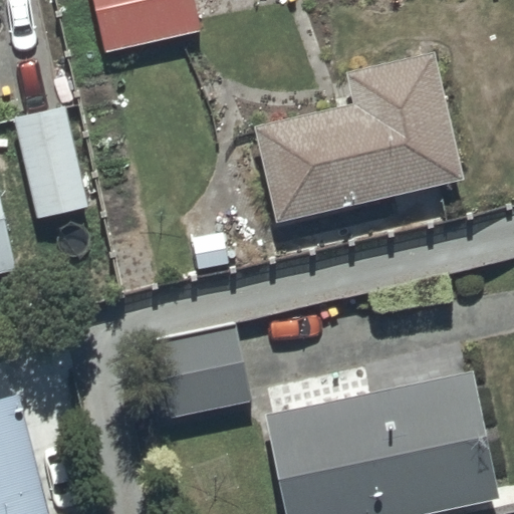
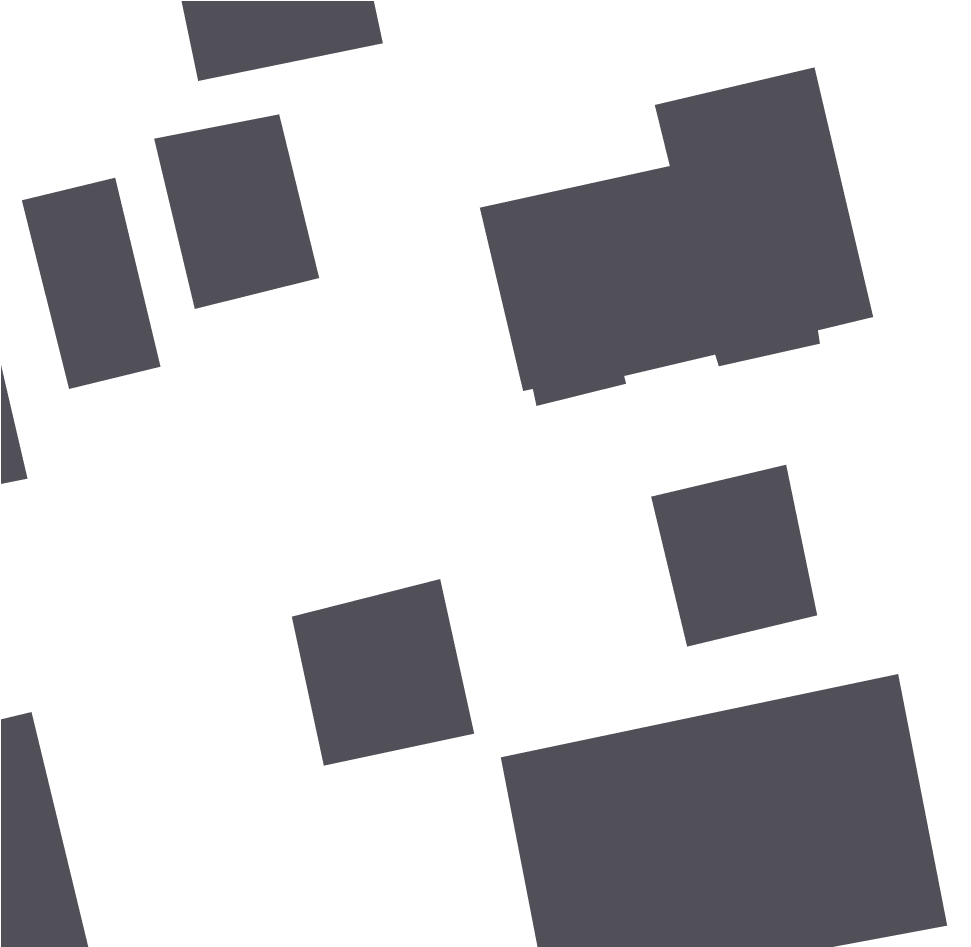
building: none -> [153,113,320,310]
building: none -> [650,464,818,648]

